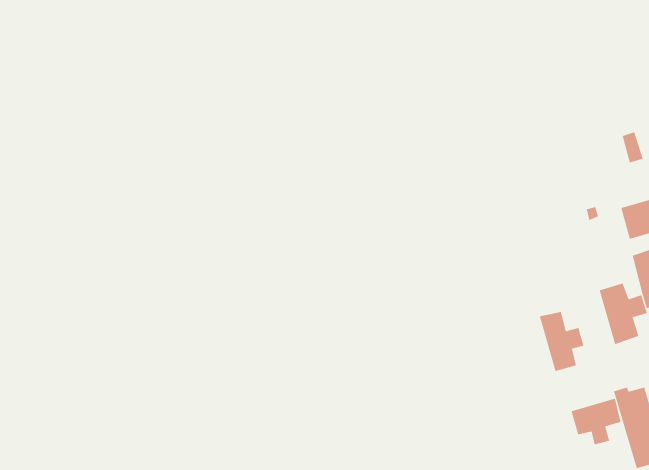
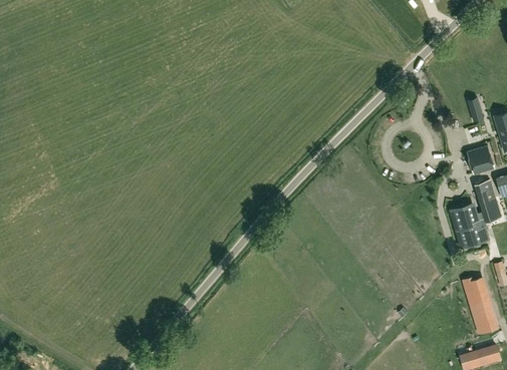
building: [539,311,584,372] -> none
building: [571,398,621,445] -> none

